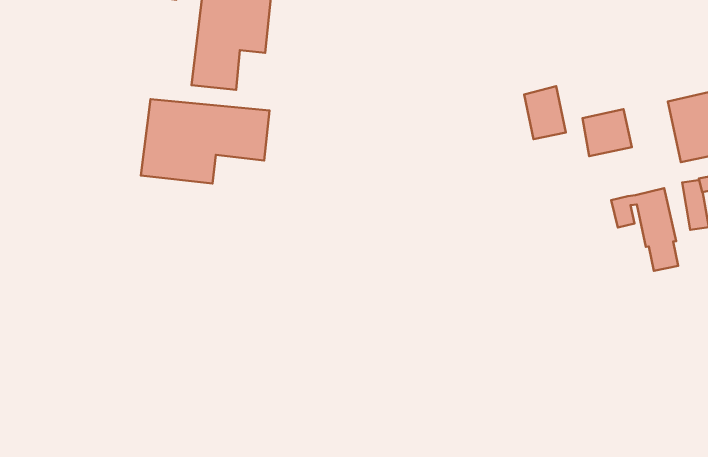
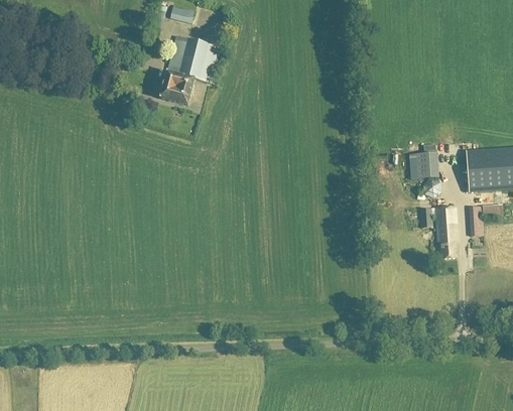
building: [524,86,566,139] -> none
building: [141,99,269,184] -> none

